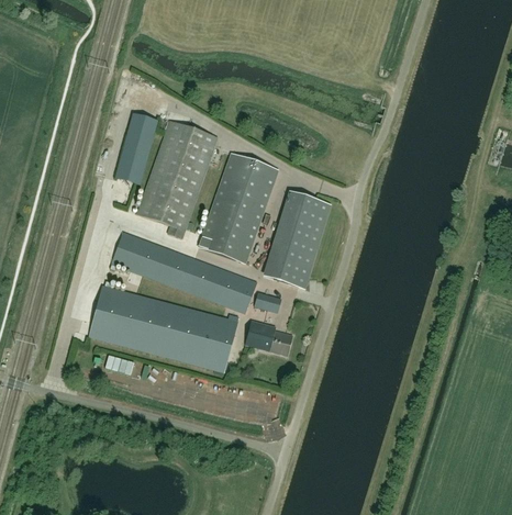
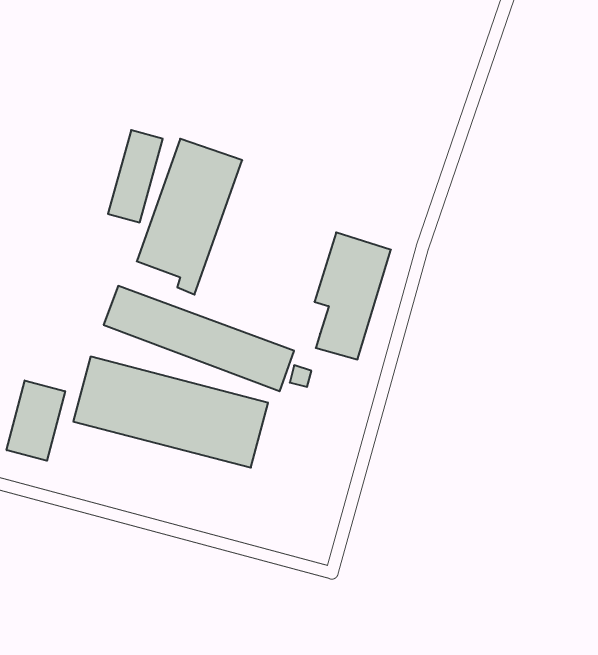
building: [199,154,278,264] -> none
building: none -> [7,380,65,461]
building: [245,320,292,355] -> none

